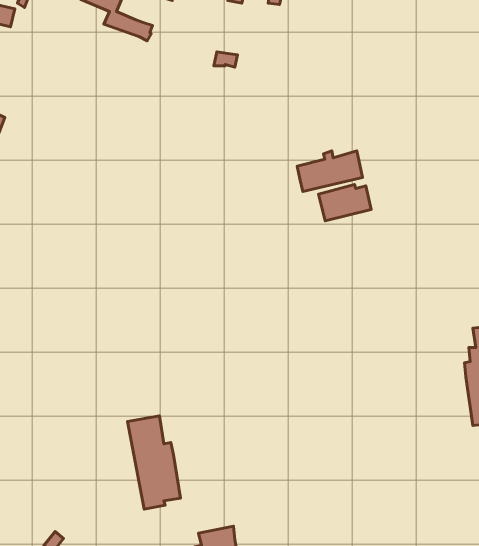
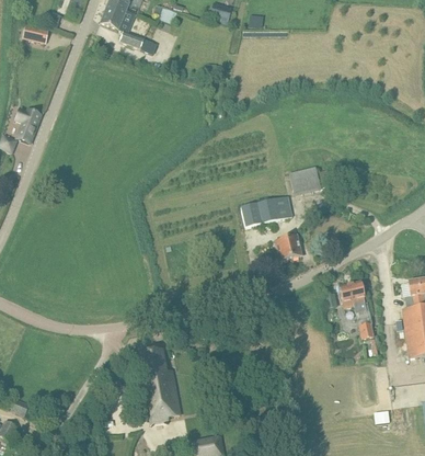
building: [297,151,363,191] -> [241,194,292,226]
building: none -> [276,230,301,260]
building: none -> [340,280,375,339]

